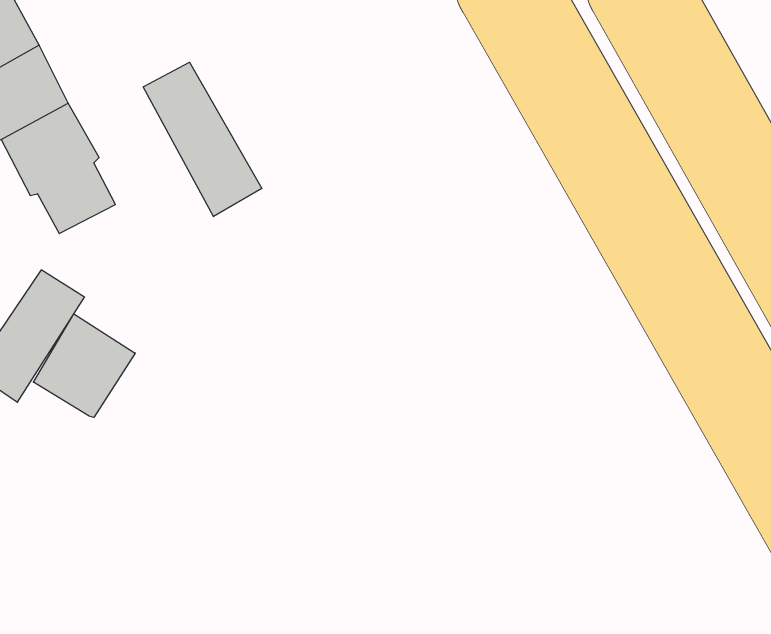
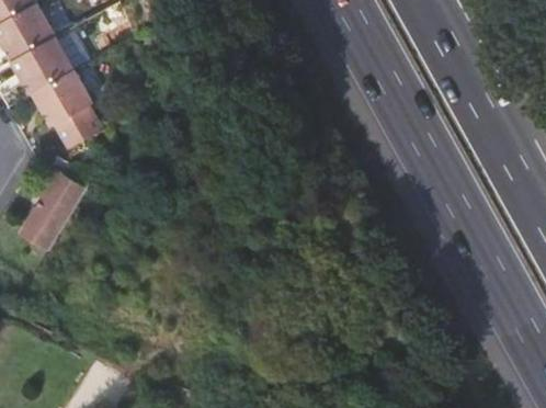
building: [143,62,262,217] -> none
building: [33,314,135,417] -> none

